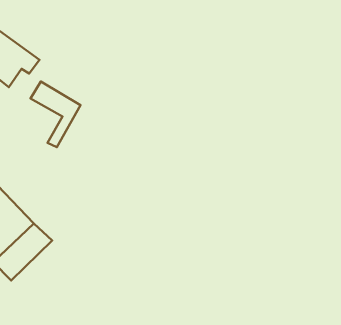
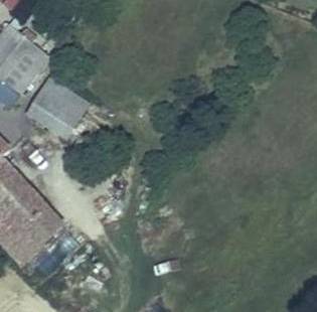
building: none -> [29,95,70,134]

